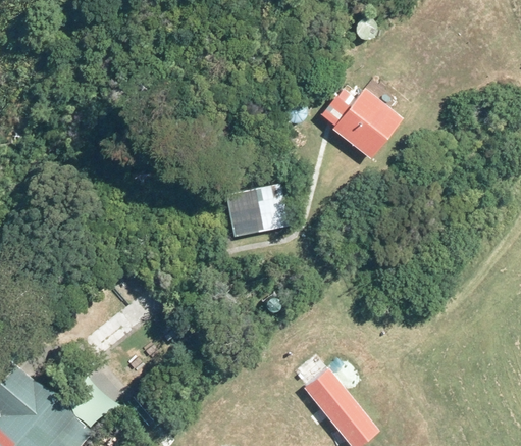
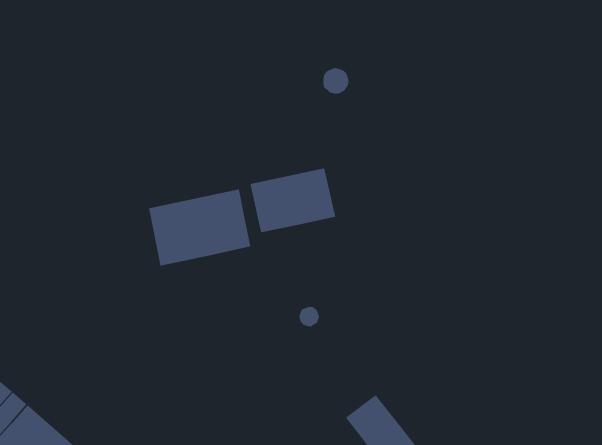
building: [332,91,399,158] -> none
building: none -> [148,189,251,266]

